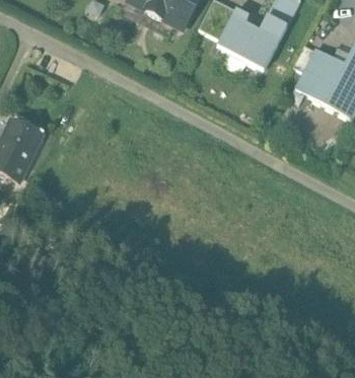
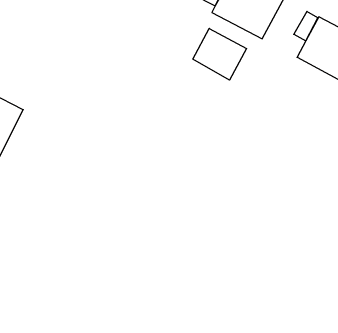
building: none -> [193,28,247,80]

